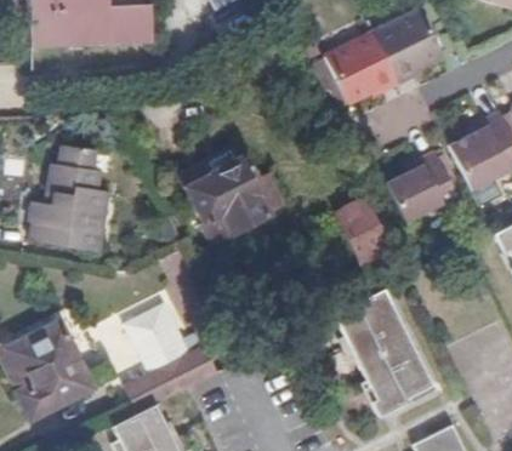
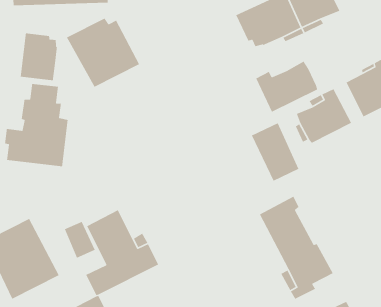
building: none -> [20,32,58,81]
building: none -> [255,60,318,113]
building: [181,152,273,239] -> [66,18,140,88]

